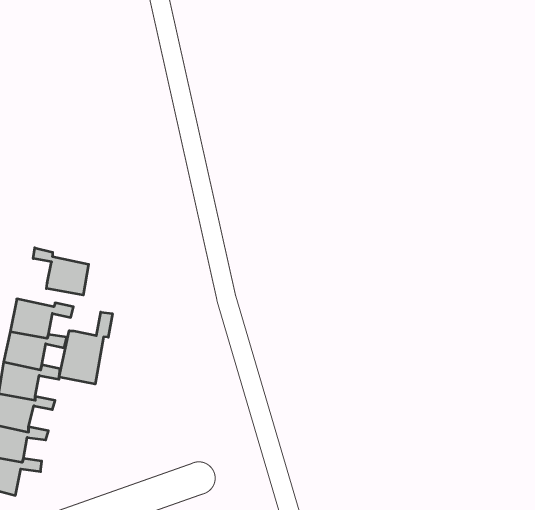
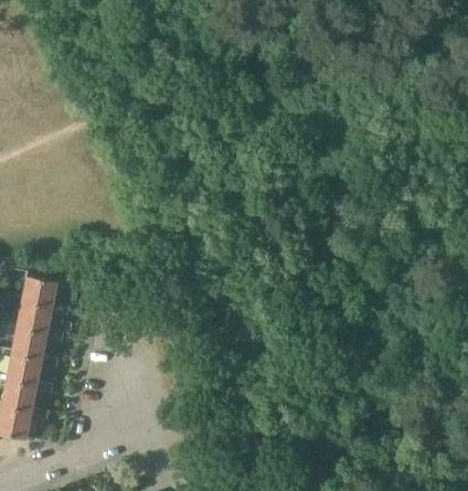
building: [33,248,89,295] -> none
building: [59,312,112,384] -> none

